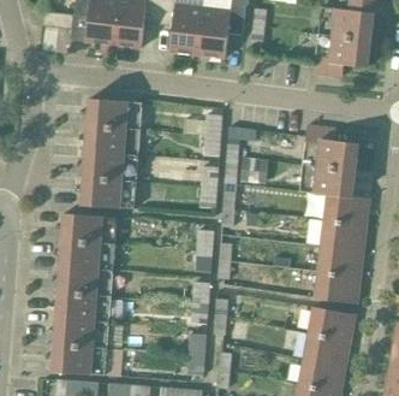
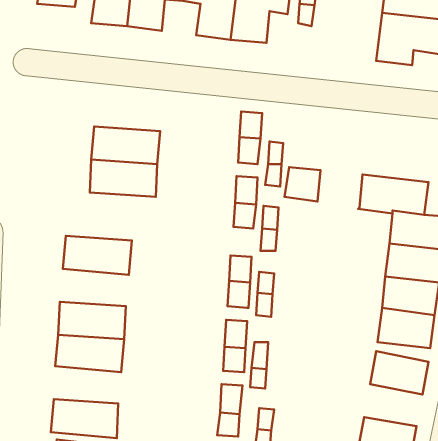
building: [87,99,141,129] -> none
building: [302,125,357,170] -> none
building: [81,178,136,208] -> none
building: [59,240,114,270] -> none
building: [54,318,108,348] -> none
building: [303,332,350,366] -> none

